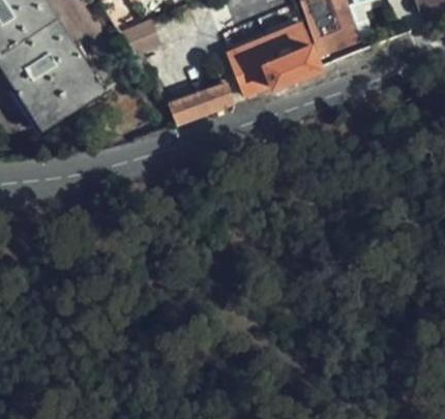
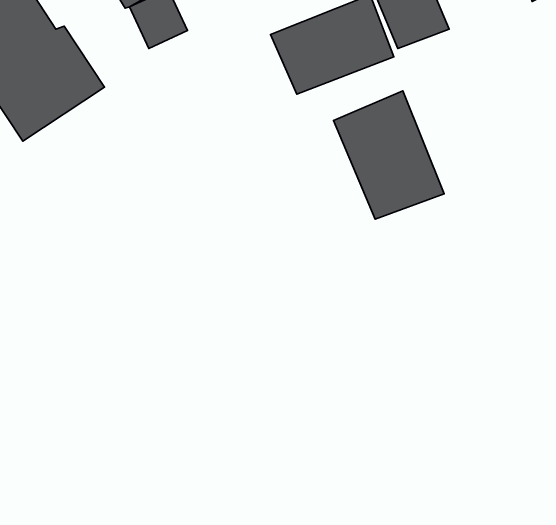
building: [170,81,233,123] -> none
building: none -> [334,91,444,219]

